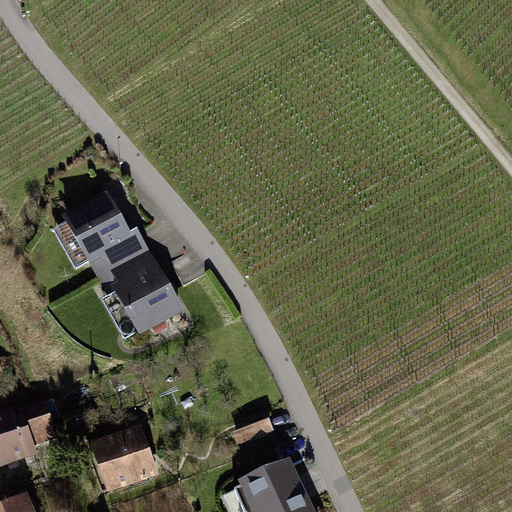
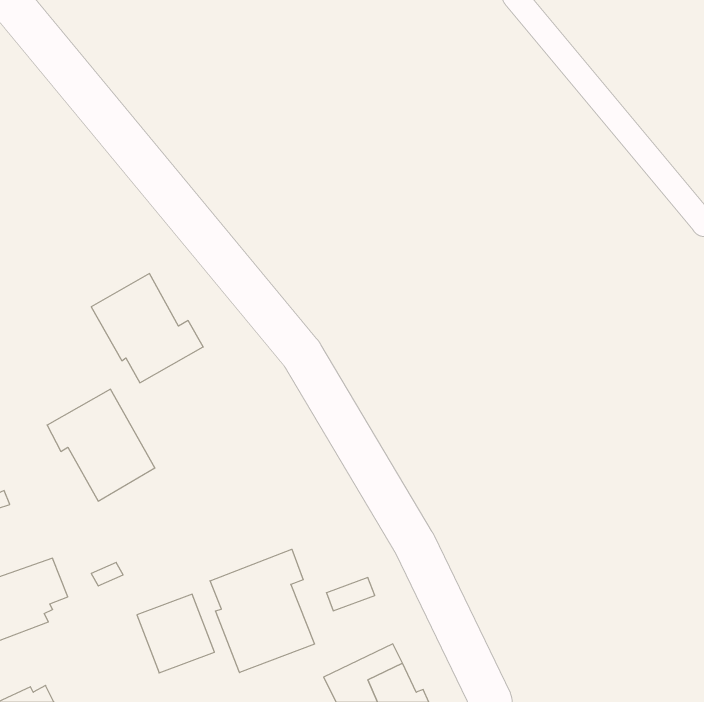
building: [101,251,179,332] -> [47,389,155,501]
building: none -> [210,549,315,673]

